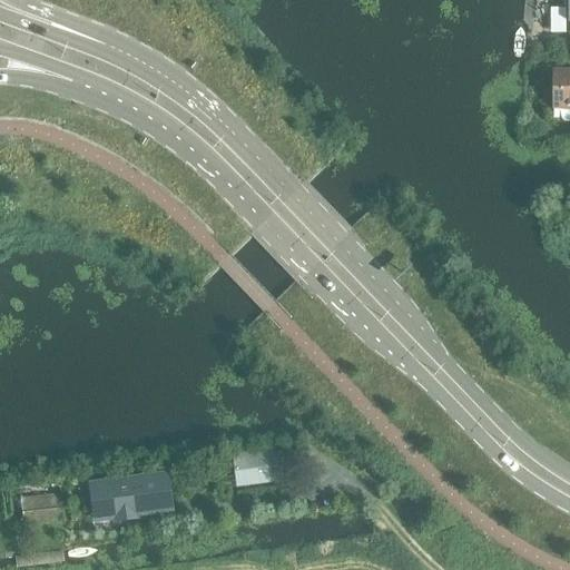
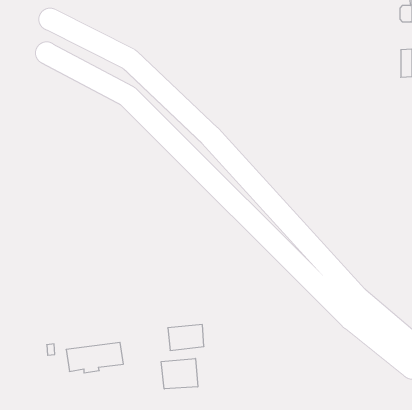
building: [20,492,65,522] -> none
building: none -> [161,358,198,389]

